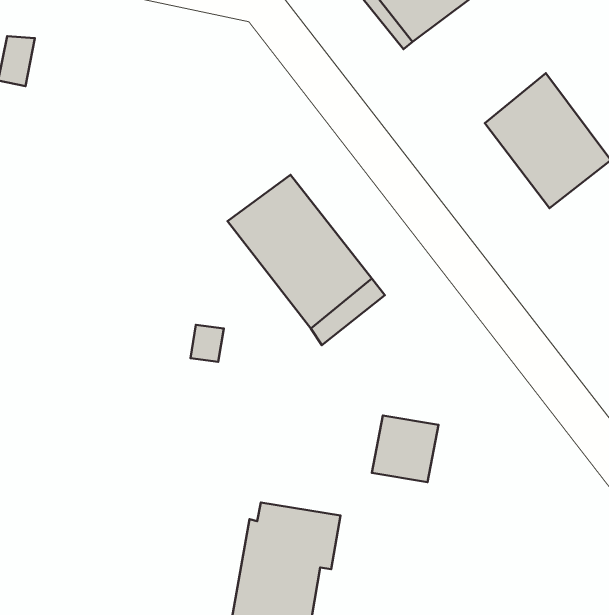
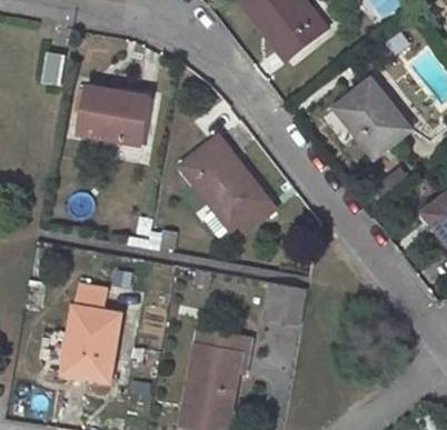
building: none -> [77,84,152,143]
building: none -> [62,284,121,380]

